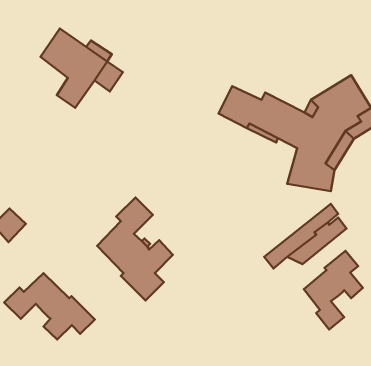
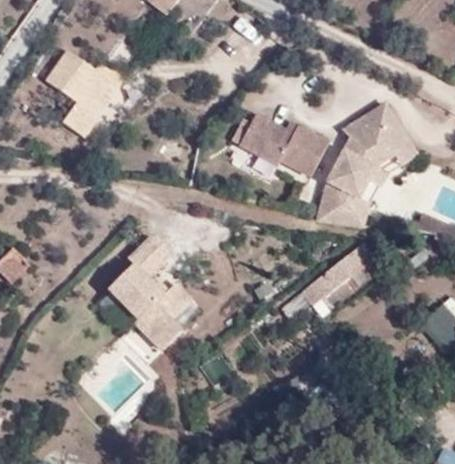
building: [304,251,363,329] -> none
building: [4,273,95,340] -> none

